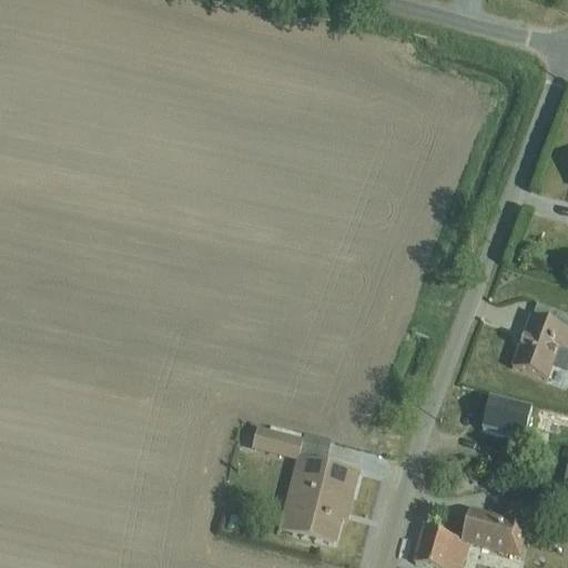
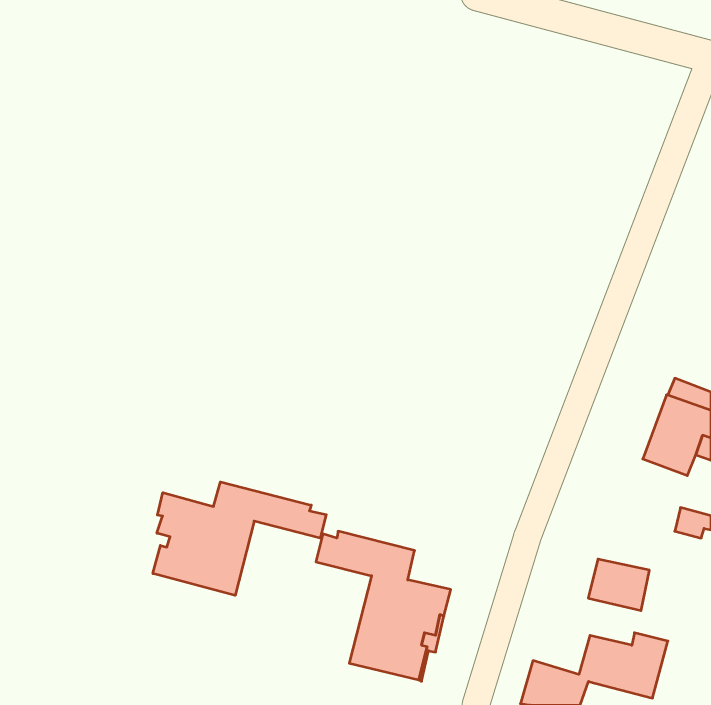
building: none -> [153,482,326,595]
building: [483,397,531,438] -> [588,559,649,611]

